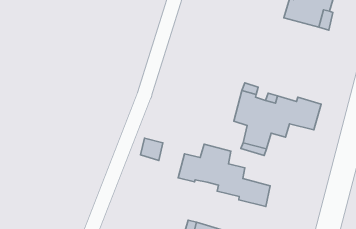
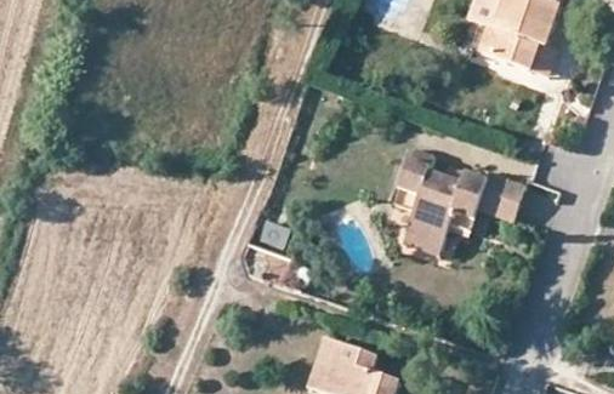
building: [178,144,270,206] -> none

